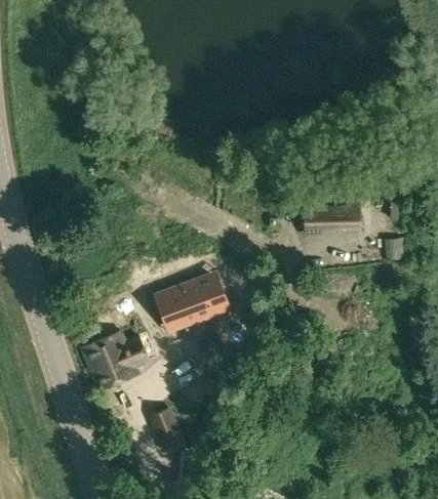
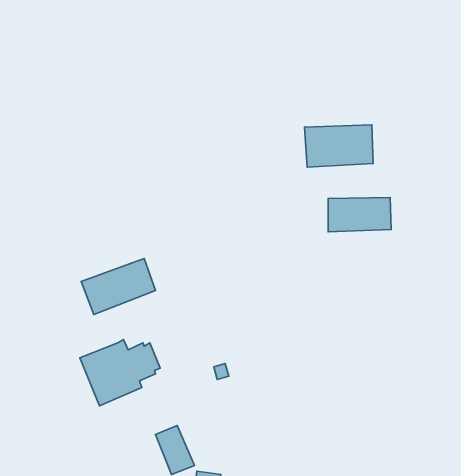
building: none -> [305,125,373,167]
building: [158,277,225,327] -> [81,258,156,315]

